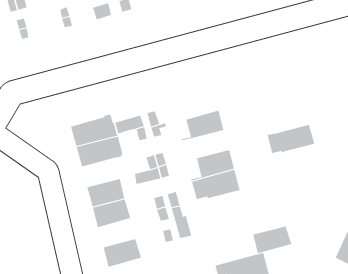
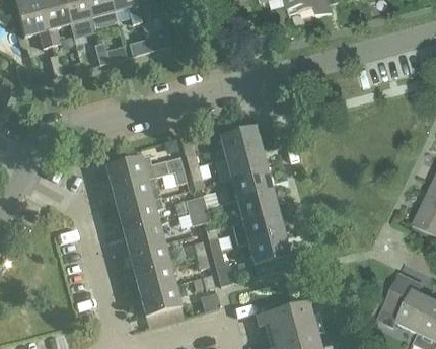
building: none -> [220,128,262,160]
building: [267,124,315,153] -> [222,171,273,202]
building: none -> [118,199,163,231]
building: none -> [134,264,174,294]
building: [252,226,292,254] -> [248,234,290,264]

